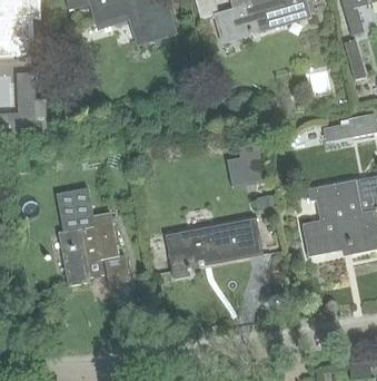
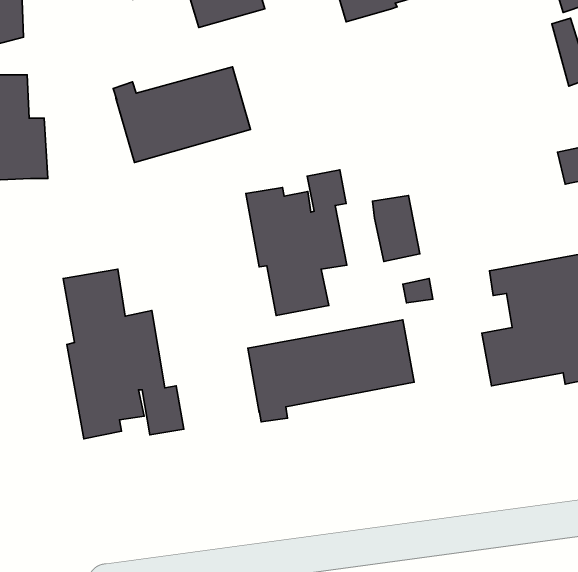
building: none -> [113,67,250,163]
building: none -> [246,170,347,315]

